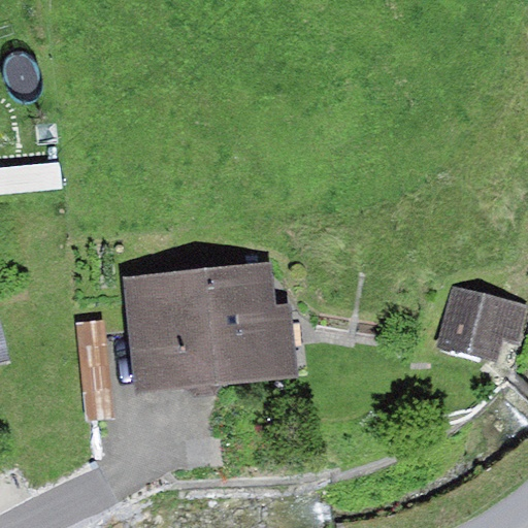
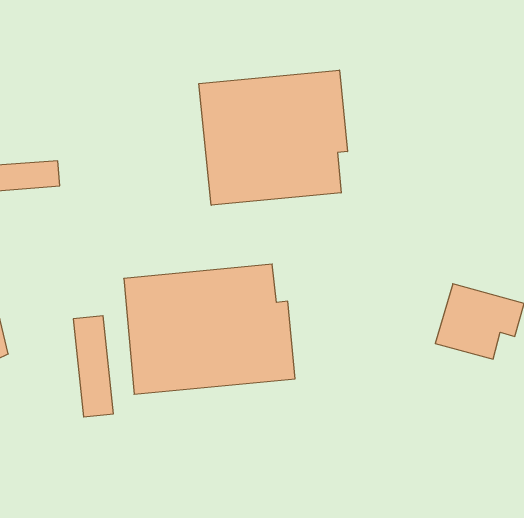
building: none -> [199,70,347,205]

